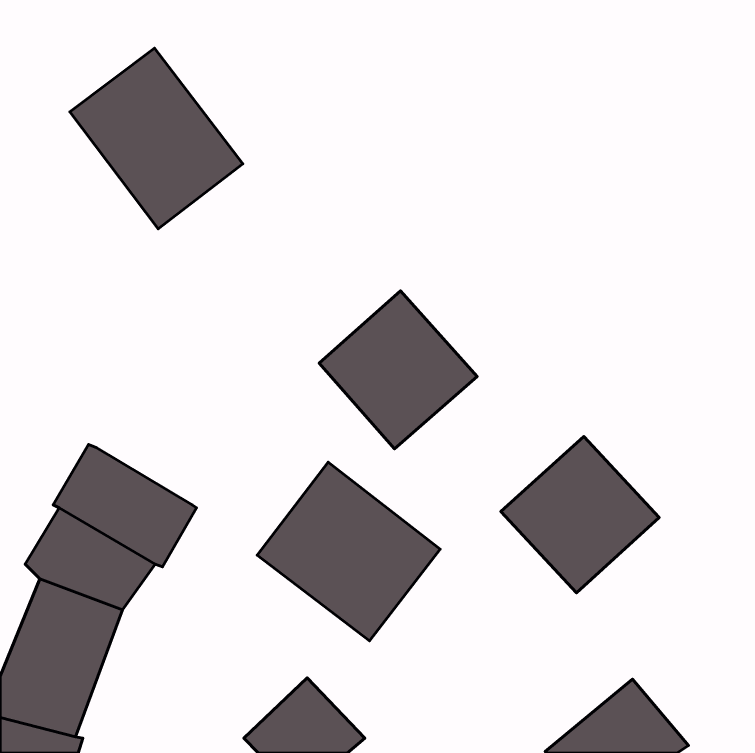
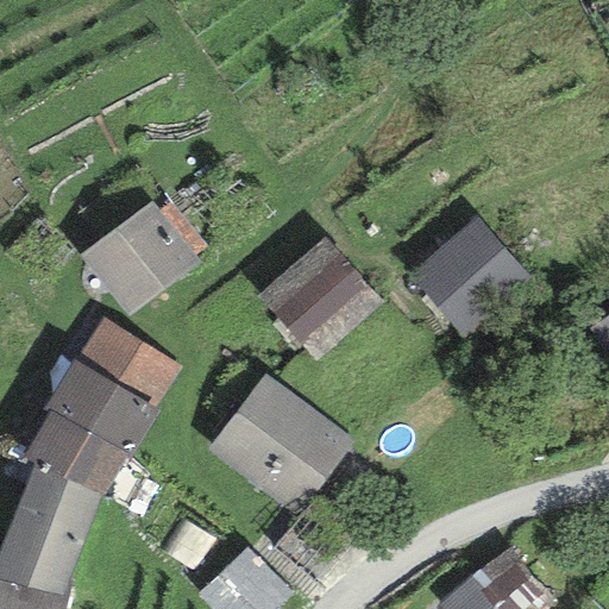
building: [70,48,243,229] -> none
building: none -> [81,200,200,315]
building: none -> [77,318,180,407]
building: [501,436,659,593] -> [408,216,535,343]

